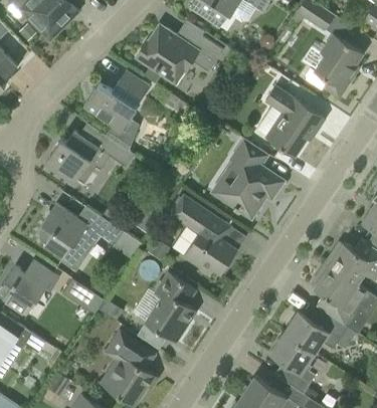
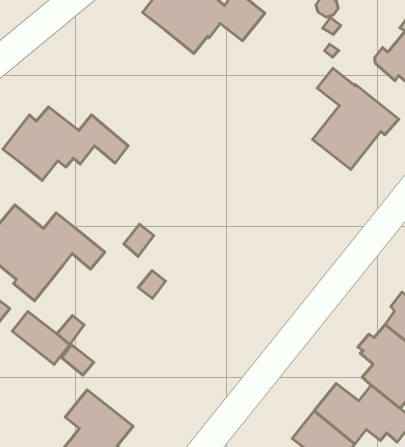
building: [83,69,149,131] -> none
building: [212,138,284,218] -> none
building: [170,194,234,274] -> none
building: [145,271,196,342] -> none

